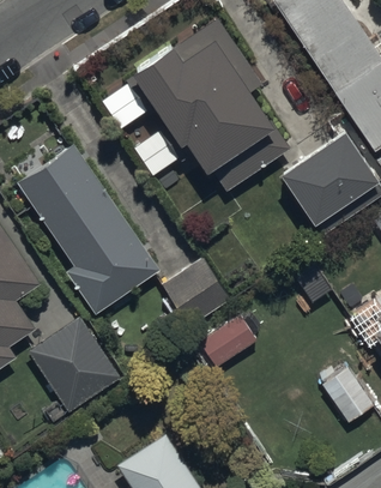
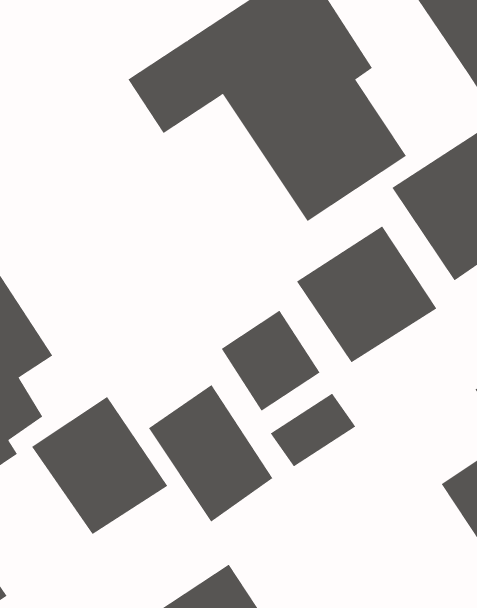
building: [16,144,161,312] -> none
building: none -> [296,225,437,363]
building: none -> [148,384,273,523]

